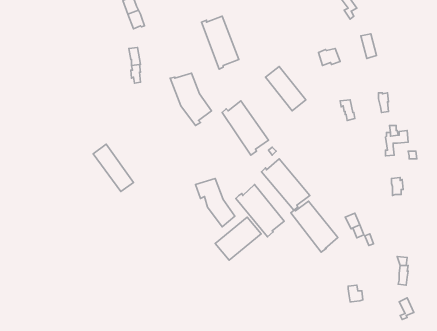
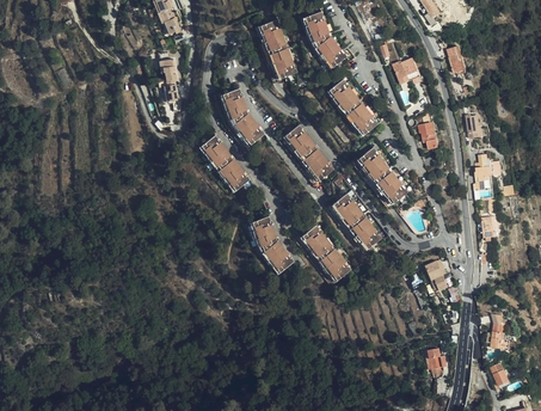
building: none -> [305,14,350,73]
building: [93,144,134,191] -> [199,135,248,192]
building: [291,201,338,252] -> [350,146,407,208]
building: [215,217,261,260] -> none

